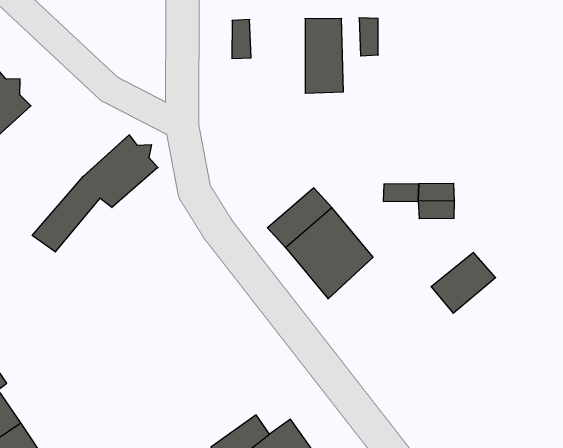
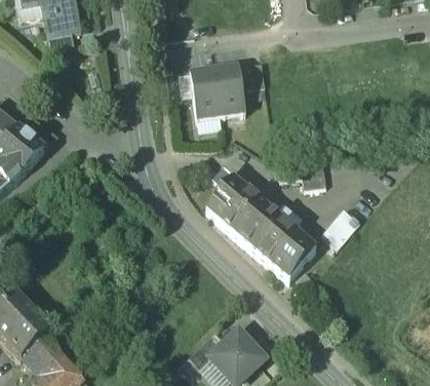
building: none -> [191,68,222,119]
building: [32,135,158,252] -> none
building: none -> [253,217,316,278]

